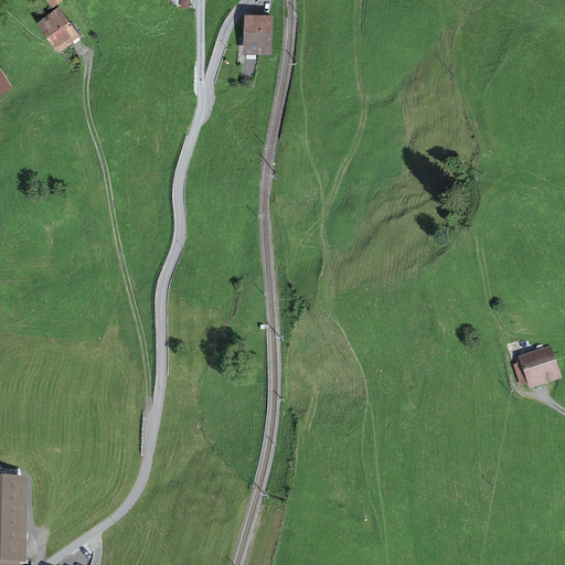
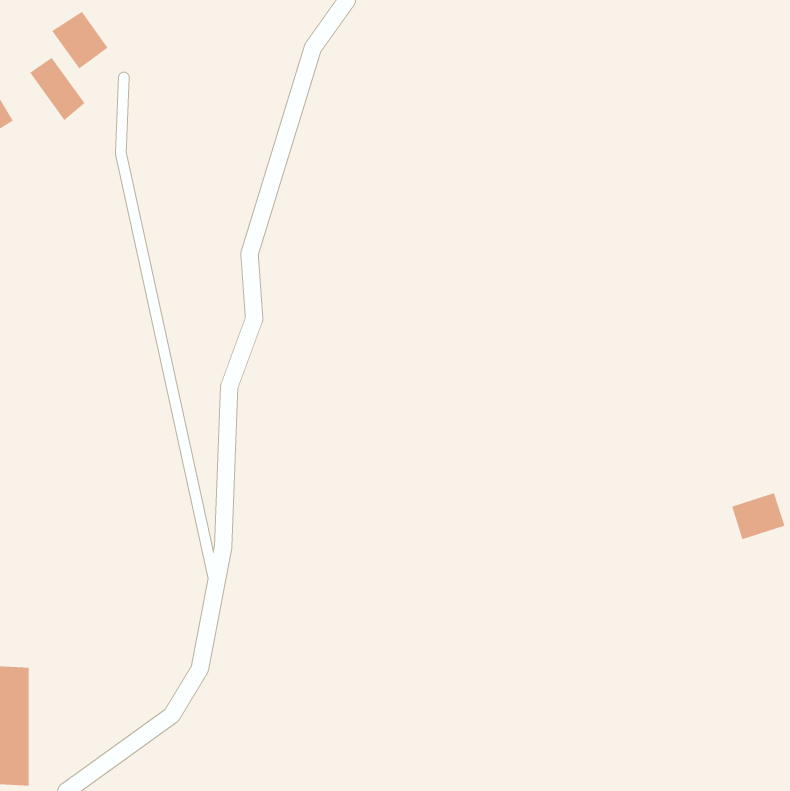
building: [245,15,270,56] -> none
building: none -> [29,57,86,121]

